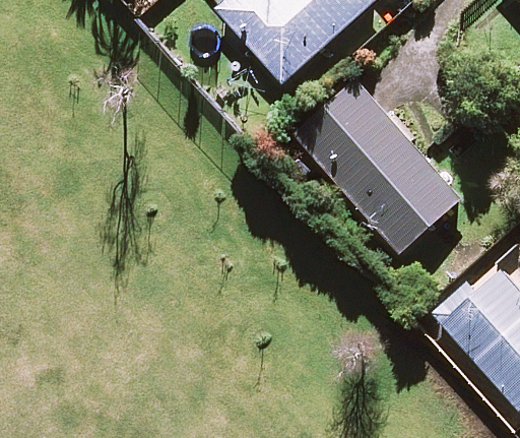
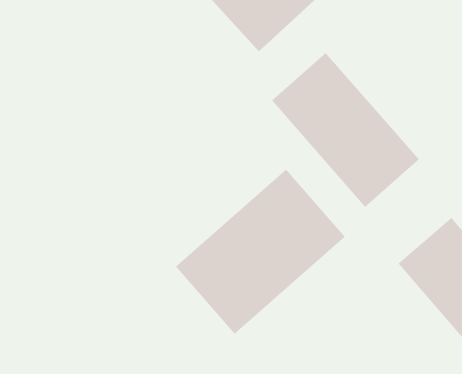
building: none -> [175,169,346,335]

